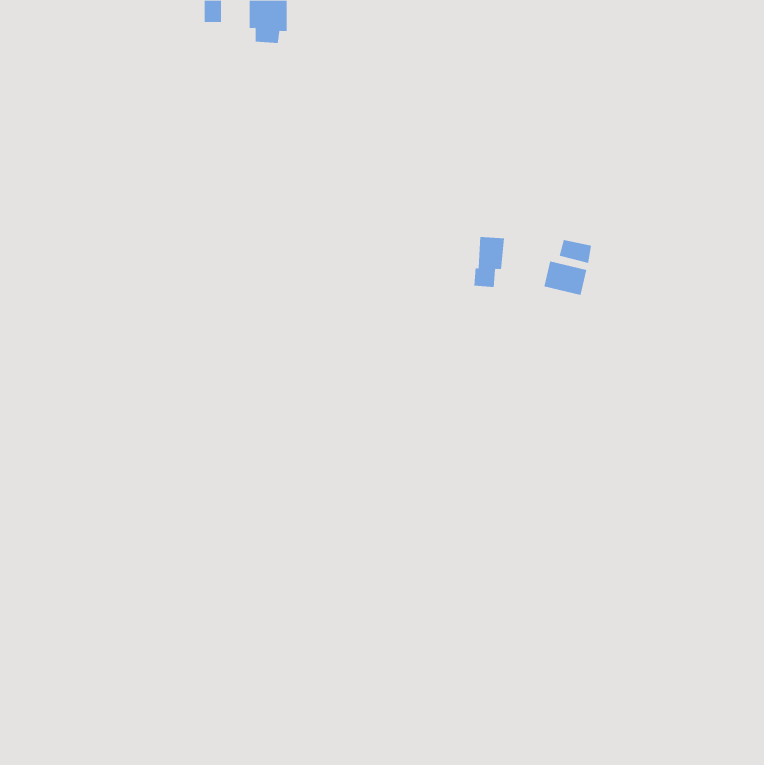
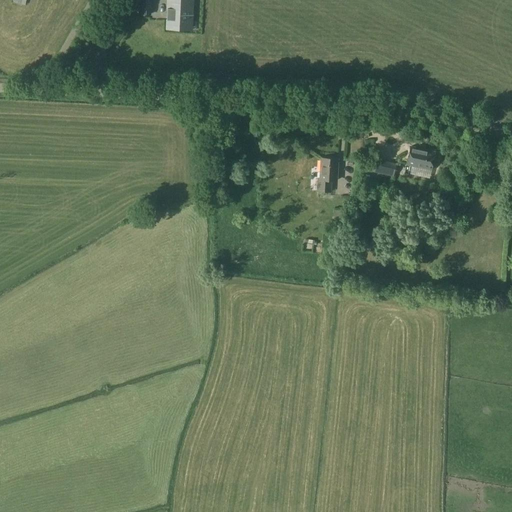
building: [544,261,587,295] -> [406,147,435,170]

